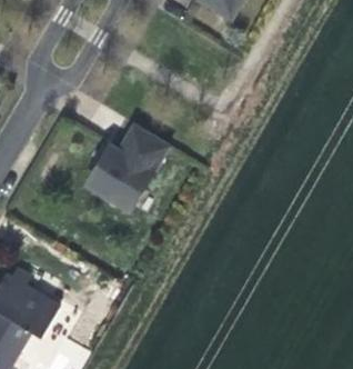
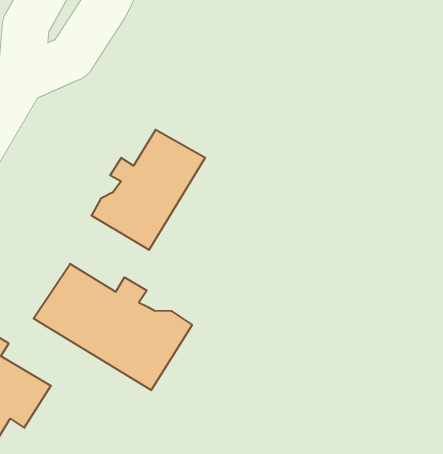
building: none -> [34,264,192,390]

